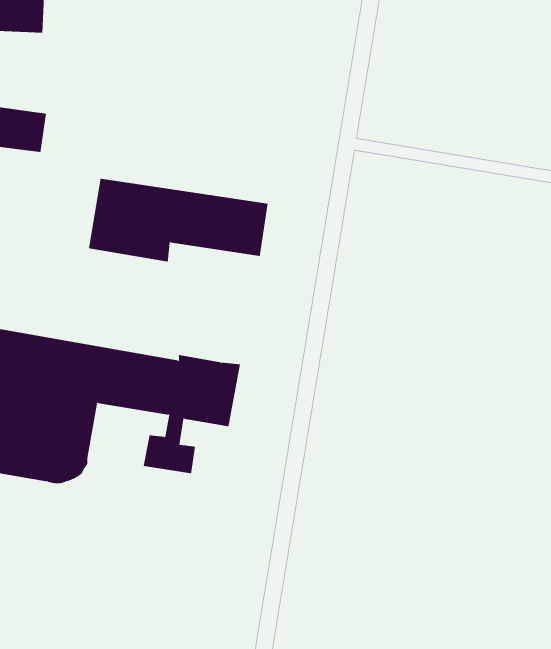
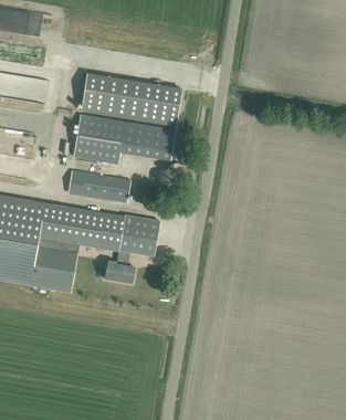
building: none -> [81,73,181,126]
building: none -> [67,170,129,201]

